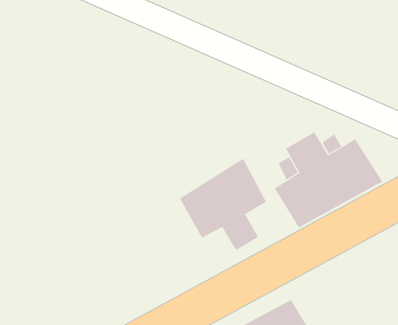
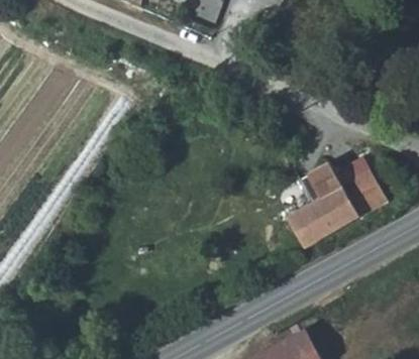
building: [179,158,267,251] -> none

